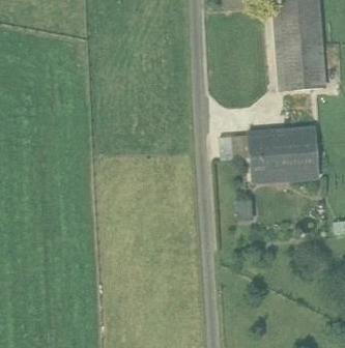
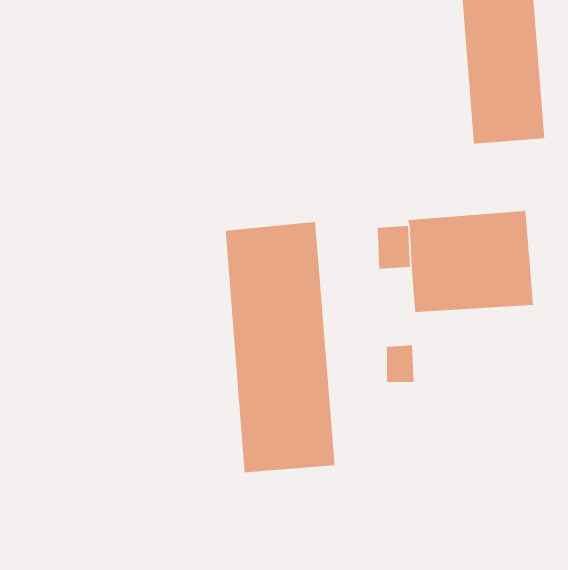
building: none -> [225,221,335,473]

